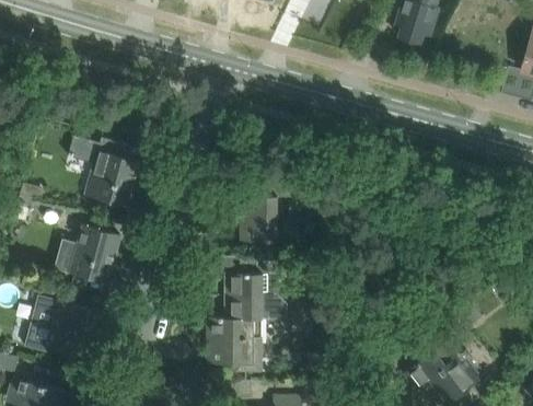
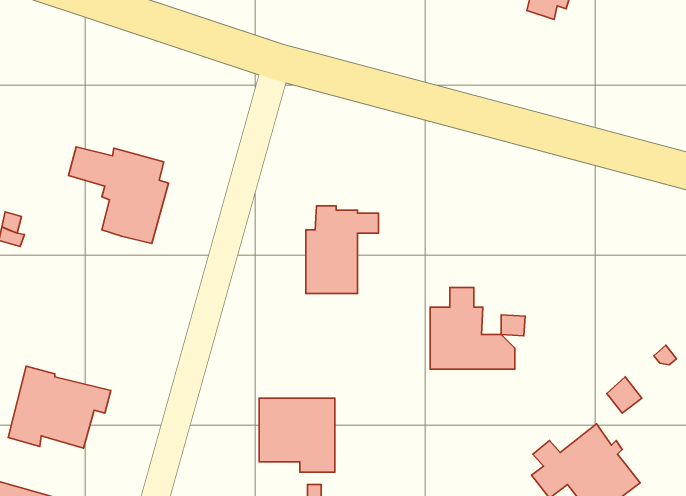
building: [58,225,119,280] -> none
building: [224,258,286,317] -> [430,288,515,369]

